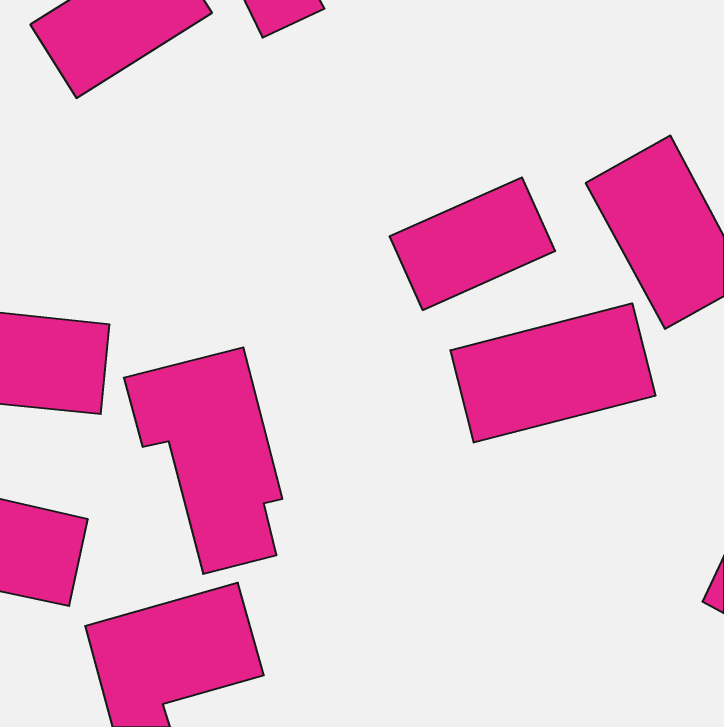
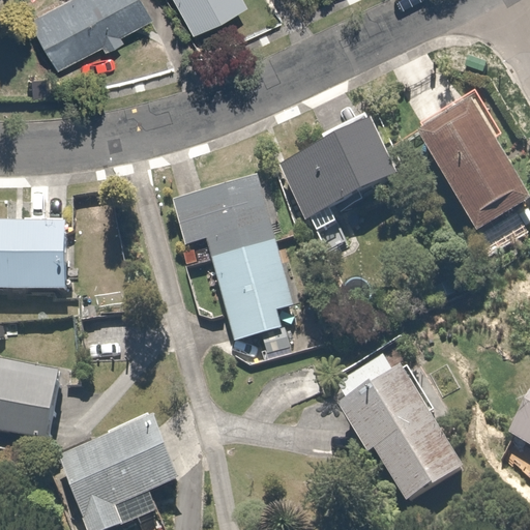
building: [450,303,656,443] -> none
building: [124,347,282,574] -> [174,173,288,335]
building: none -> [336,354,462,498]

